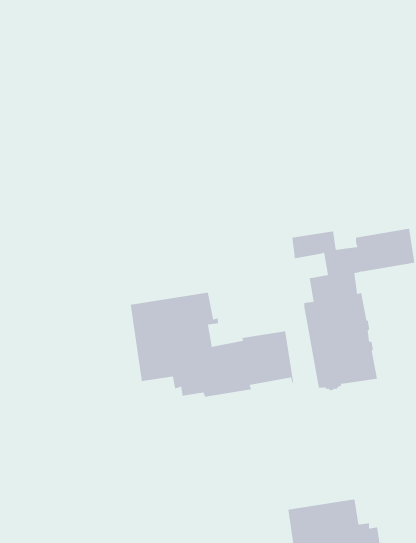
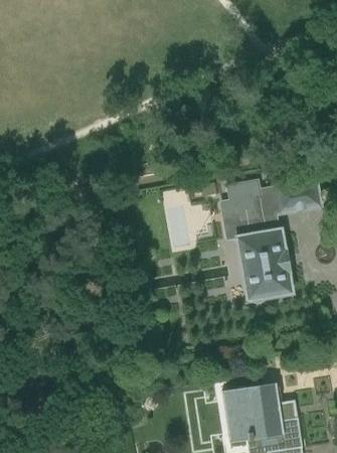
building: [130,292,294,398] -> none

